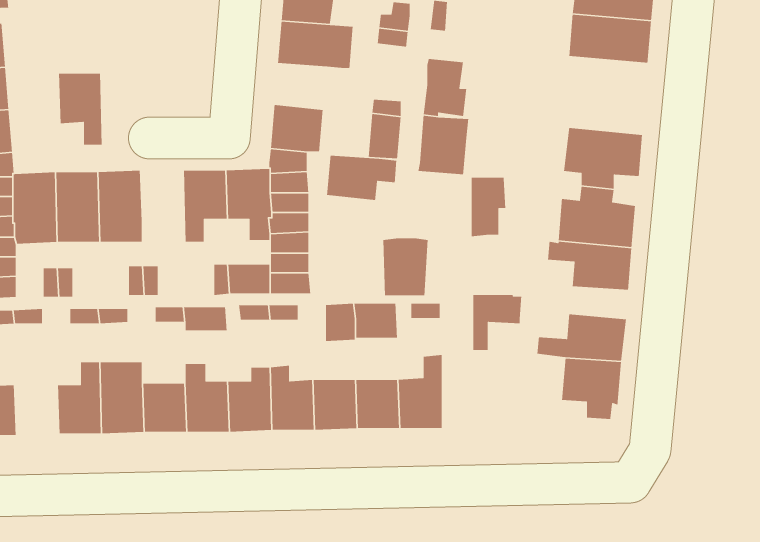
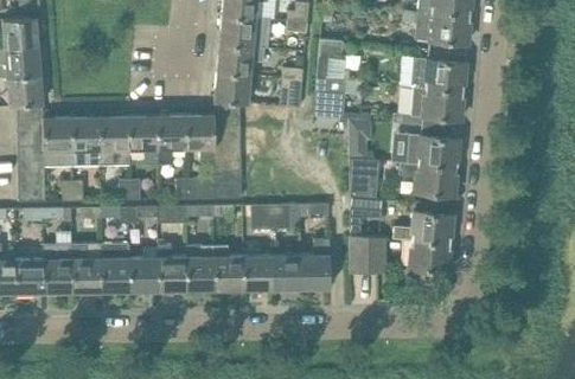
building: [58,73,103,146] -> [128,115,158,163]
building: none -> [411,58,466,91]
building: [326,155,397,201] -> [217,44,264,75]
building: [382,238,429,296] -> [349,159,379,198]
building: none -> [350,236,386,274]
building: none -> [44,243,74,293]

